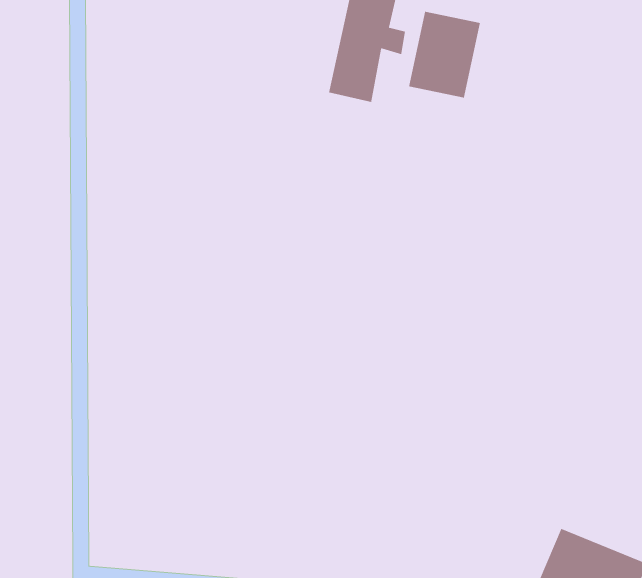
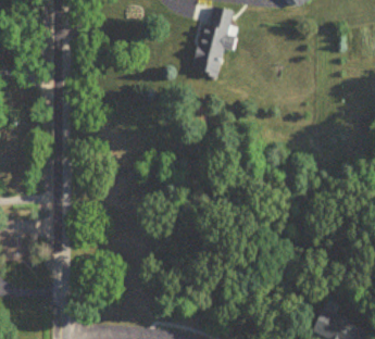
building: [408,11,481,98] -> none

